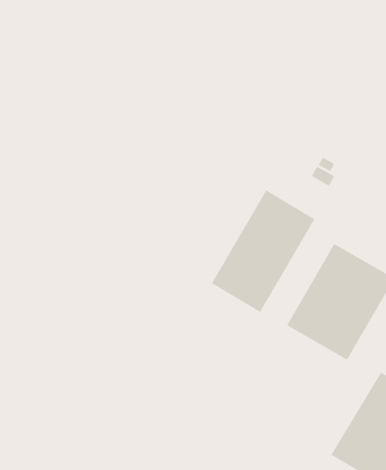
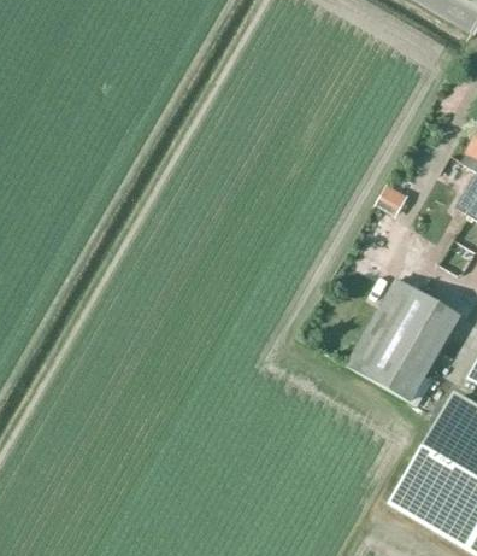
building: [211,190,315,313] -> none

